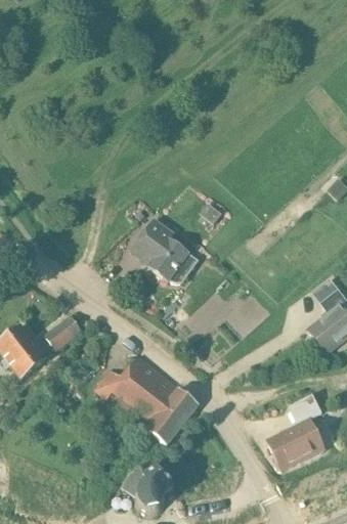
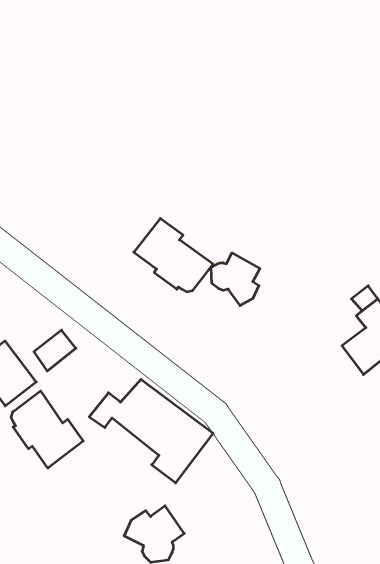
building: none -> [211,253,260,306]
building: none -> [11,391,83,468]
building: [267,394,324,469] -> none

